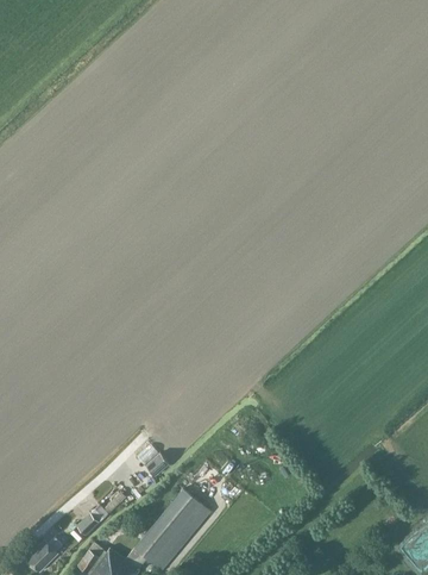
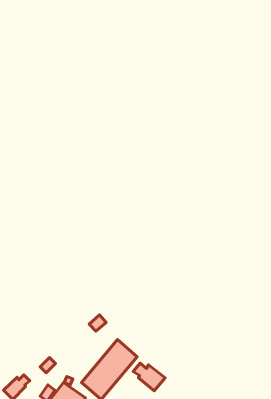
building: none -> [133,363,165,391]

